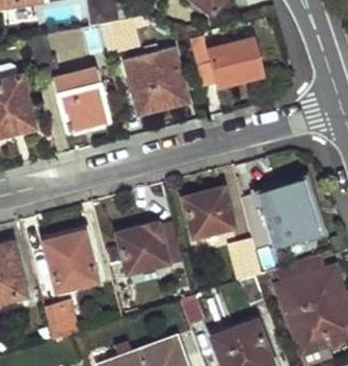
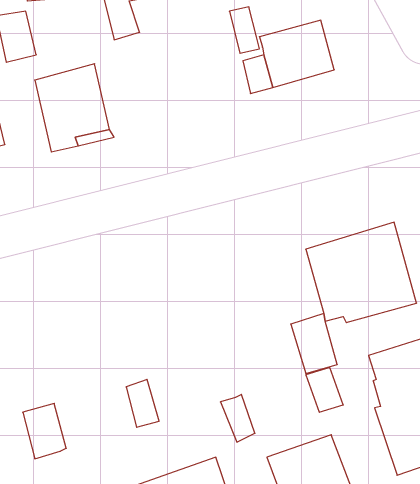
building: [126,45,185,110] -> none
building: [182,187,232,236] -> none
building: [117,223,182,274] -> none
building: [42,232,96,293] -> none

